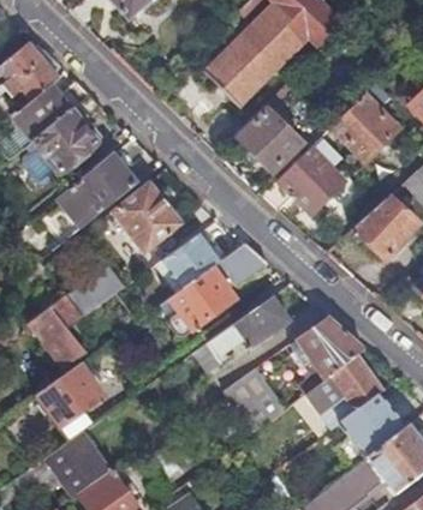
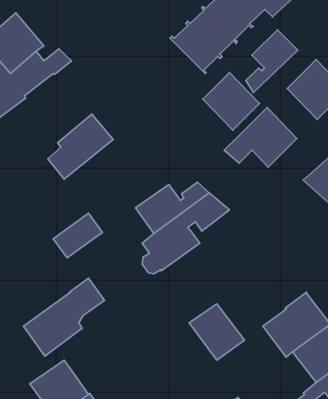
building: none -> [246,30,298,93]
building: [34,94,105,172] -> none
building: [113,180,183,252] -> none
building: [29,294,88,366] -> none
building: [209,295,292,356] -> none
building: [297,316,367,392] -> none

